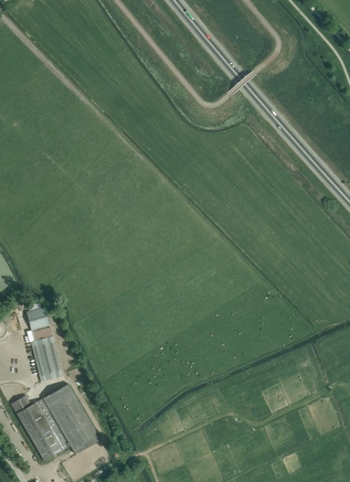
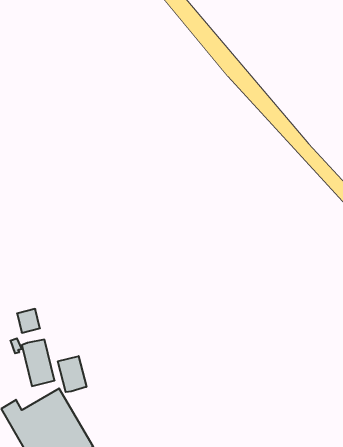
building: none -> [58,356,86,392]

